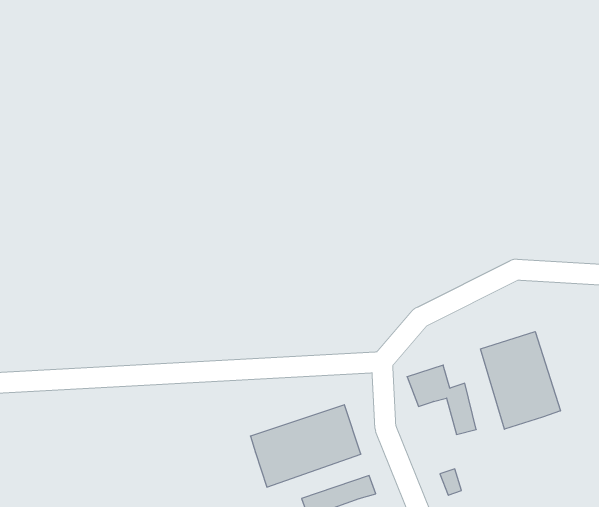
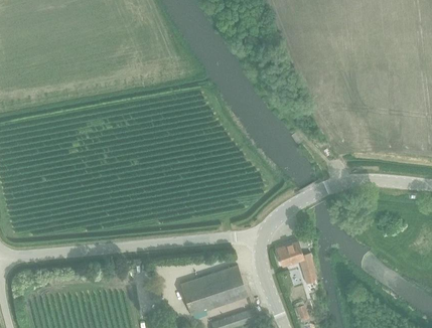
building: [481,332,560,429] -> none

